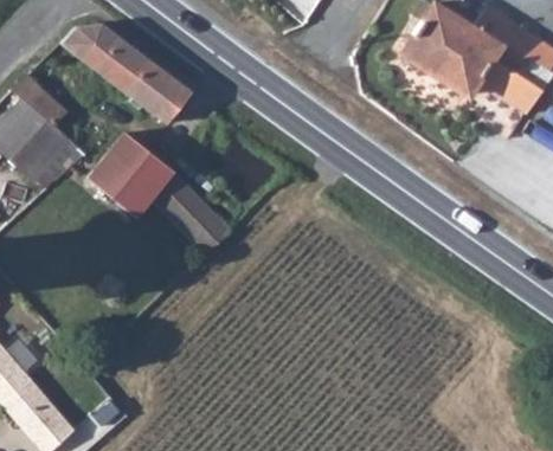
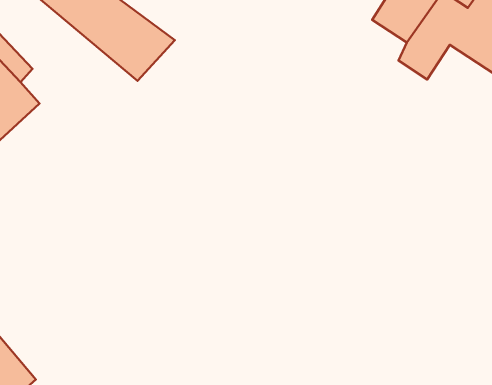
building: [85,131,234,249] -> none

